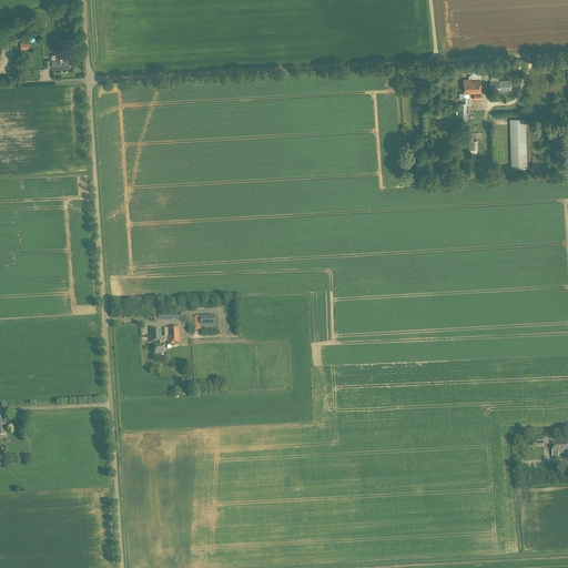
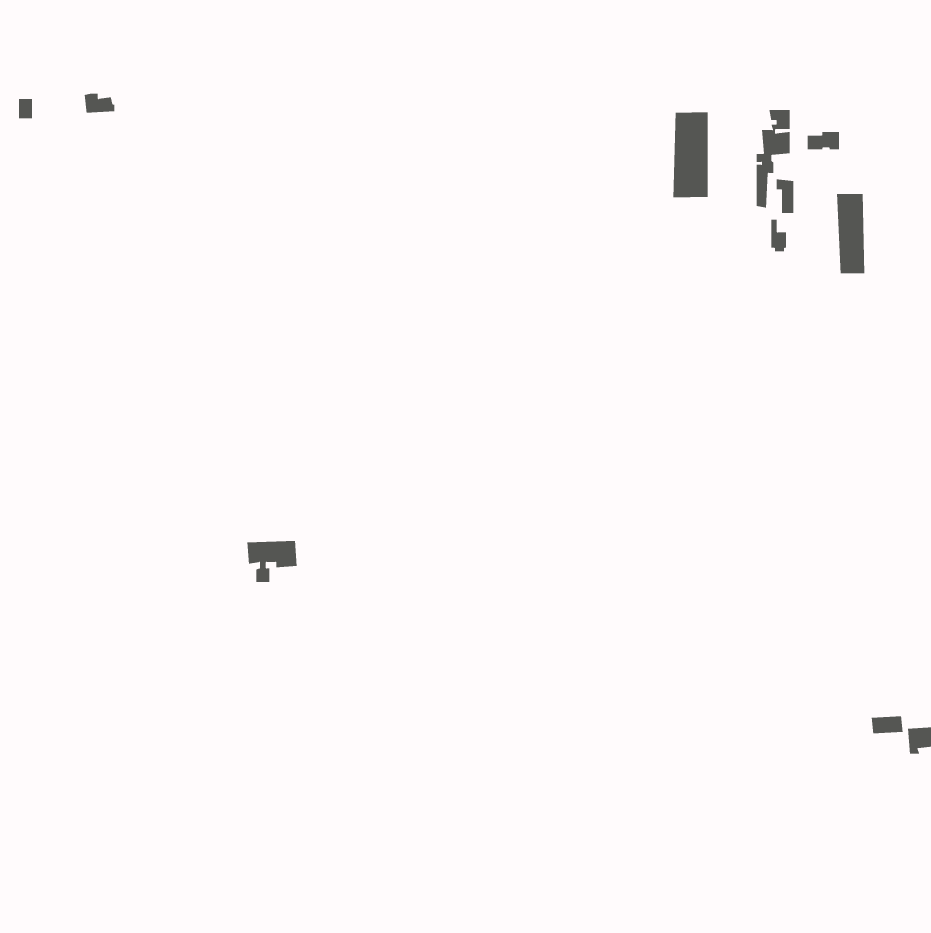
building: none -> [673,112,708,198]

